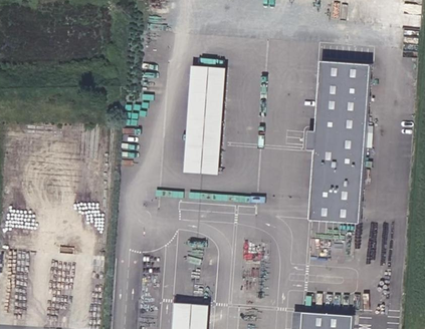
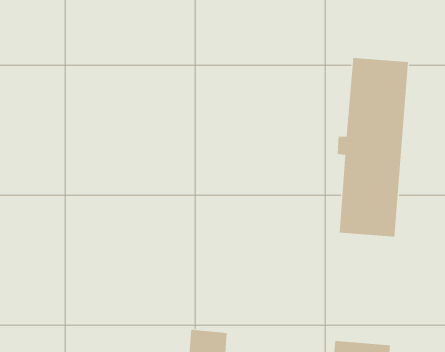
building: [182,73,225,182] -> none

